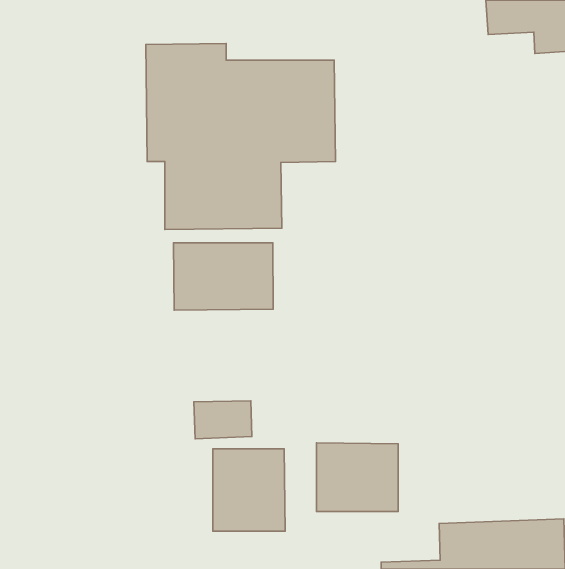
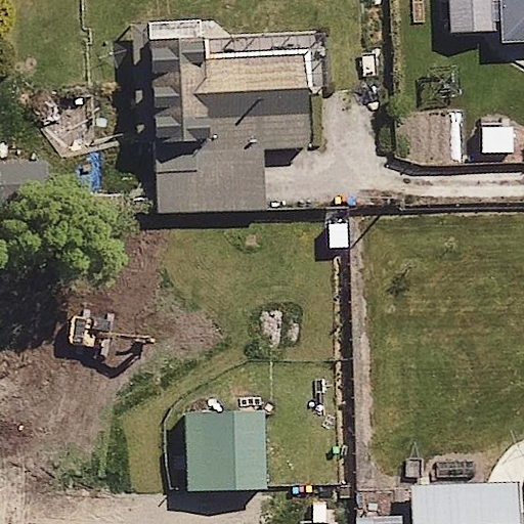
building: [174,243,273,310] -> none
building: [317,443,398,511] -> none

